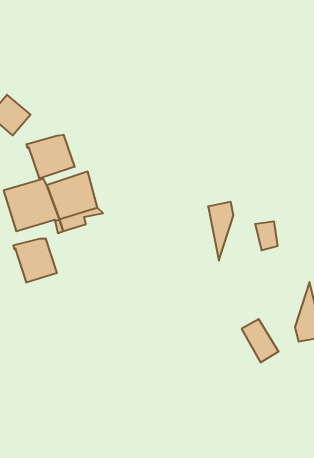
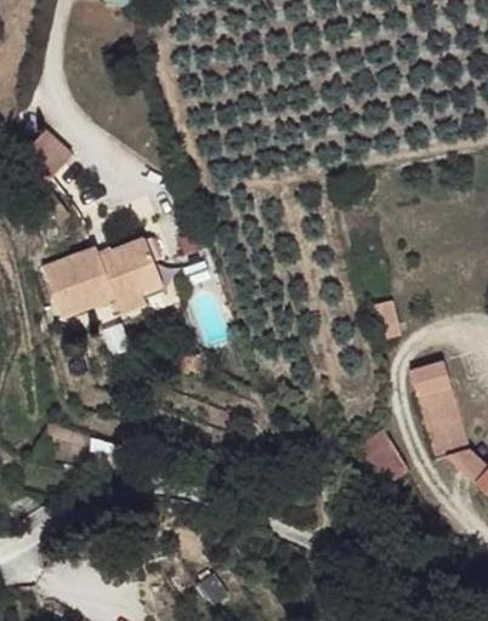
building: [27,135,75,179] -> none
building: [208,202,233,261] -> [416,365,450,444]
building: [13,238,57,283] -> none

